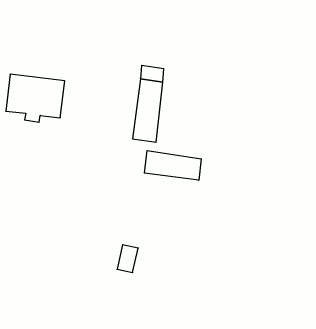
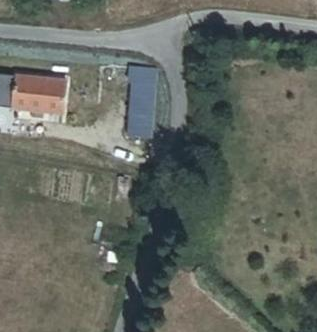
building: [144,151,201,180] -> none

